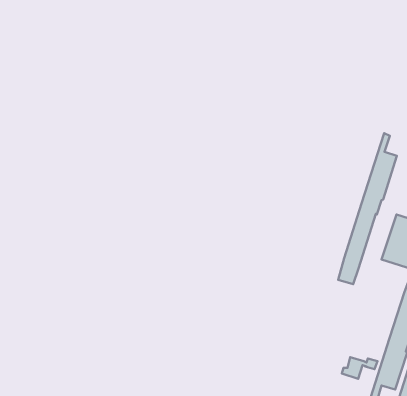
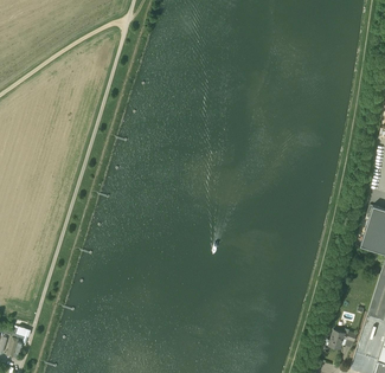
building: [338,133,397,284] -> none

